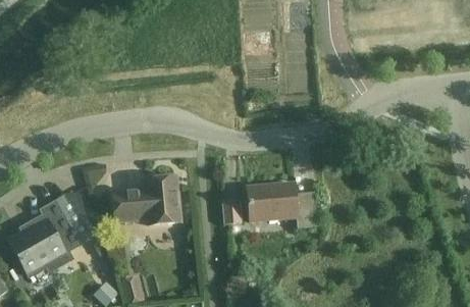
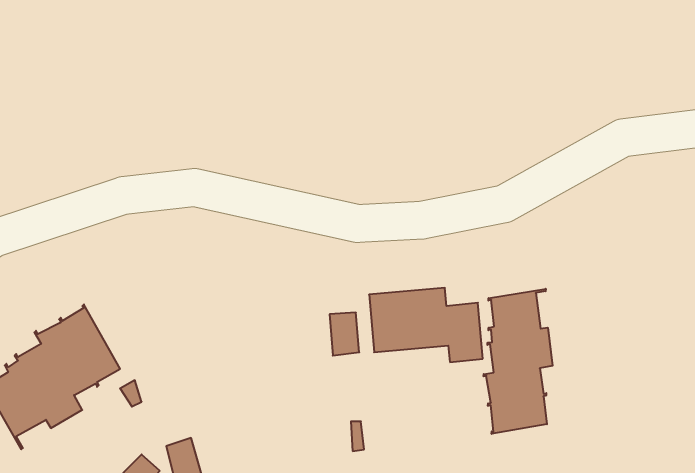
building: [112,176,180,224] -> none
building: none -> [484,289,553,434]

